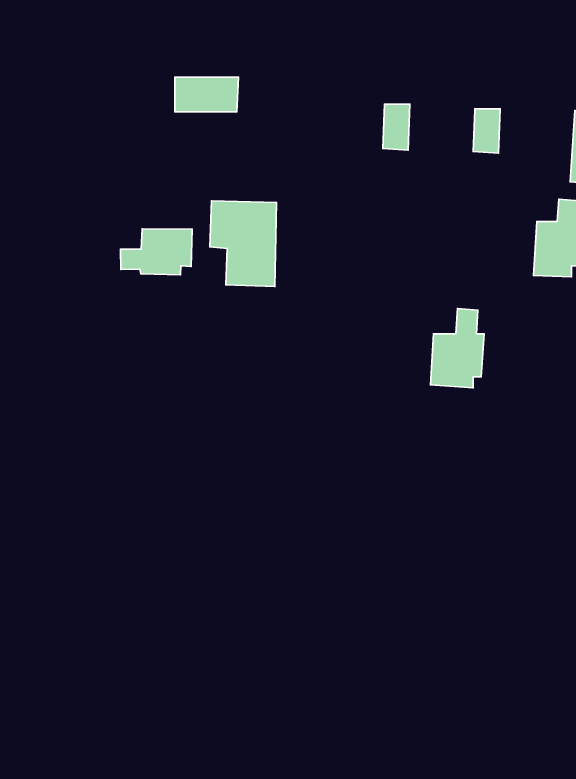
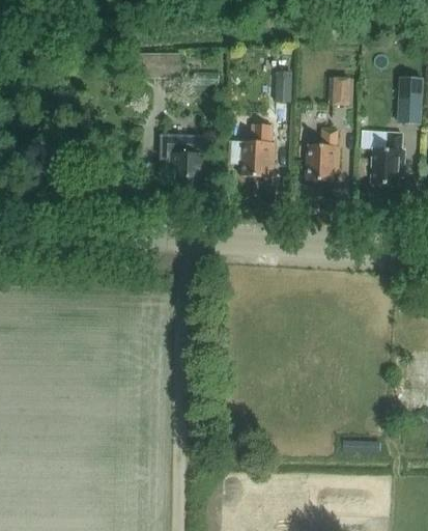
building: none -> [228,123,276,175]
building: [120,229,192,275] -> none
building: [430,309,484,388] -> [306,128,341,179]

